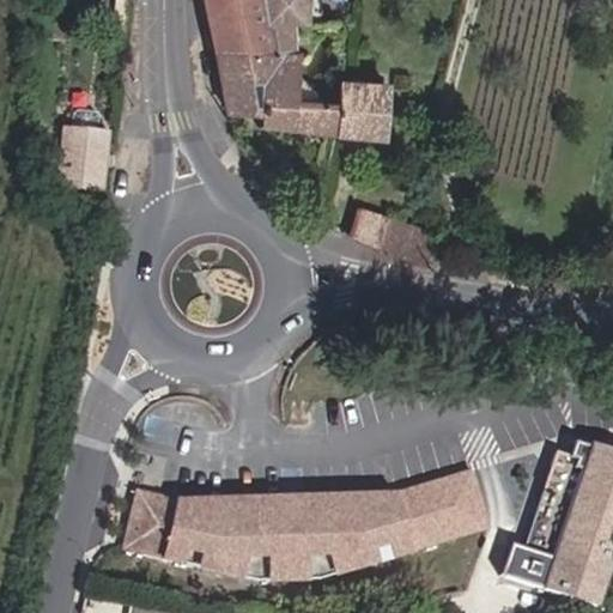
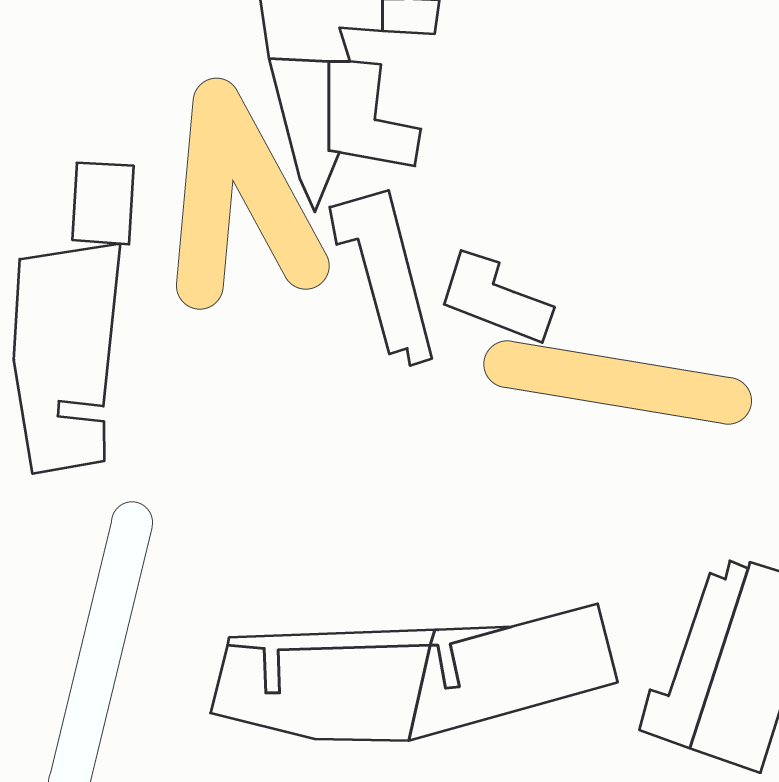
building: [328,78,388,138] -> none
building: none -> [330,190,432,366]
building: none -> [14,244,120,474]
building: [125,491,183,556] -> none

